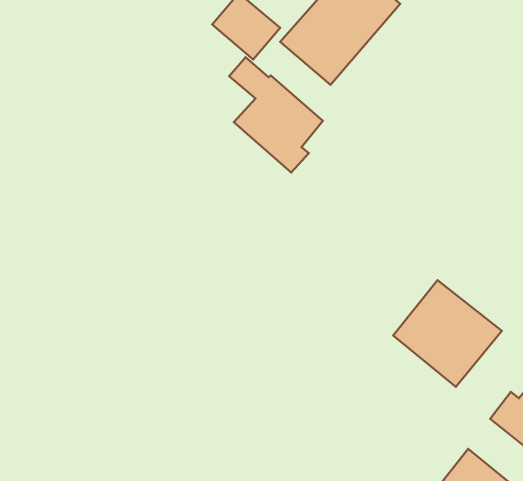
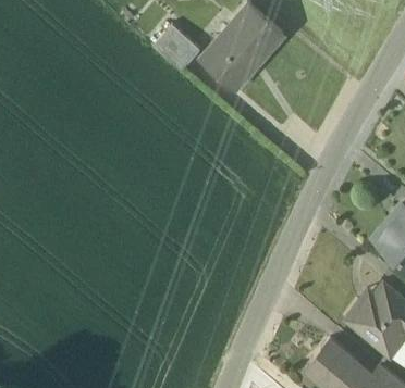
building: [229,57,323,172] -> none
building: [393,280,502,387] -> none

